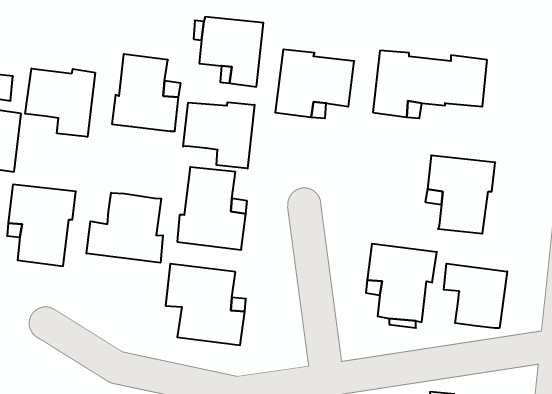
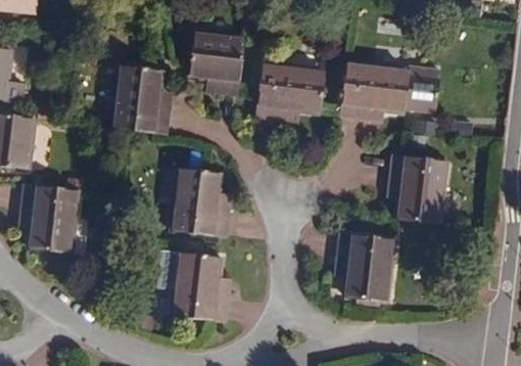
building: [25,68,95,137] -> none
building: [183,102,255,169] -> none
building: [87,193,163,263] -> none
building: [444,264,507,328] -> none

